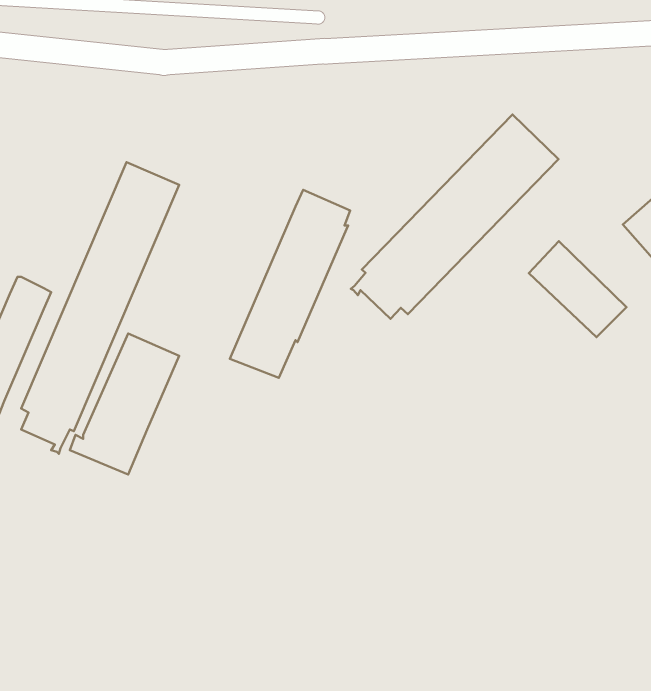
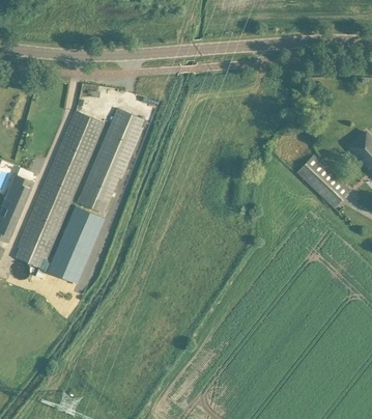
building: [351,115,558,319] -> none
building: [230,190,350,378] -> [77,108,143,212]

